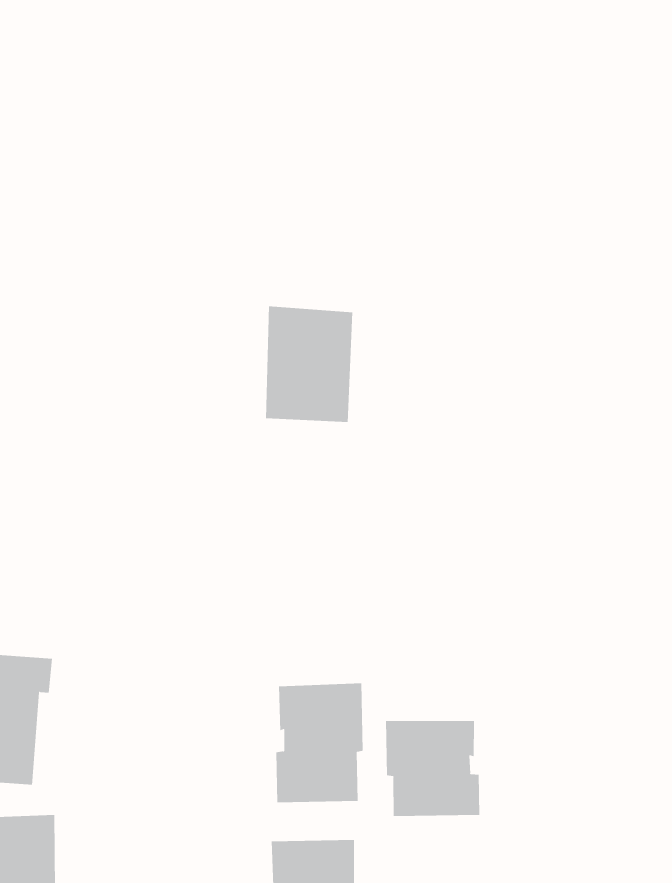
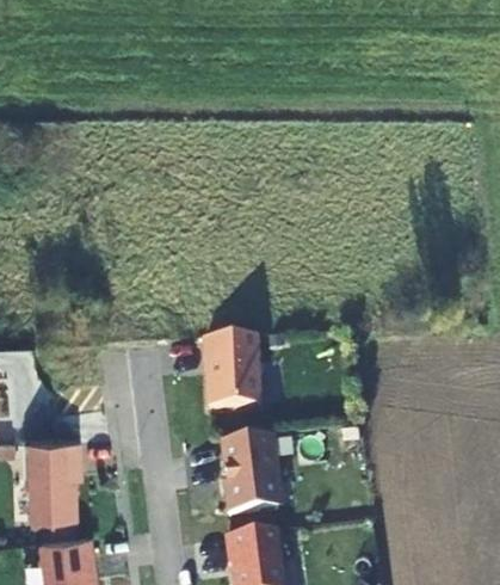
building: [265,306,353,423] -> [203,340,259,411]
building: [386,720,480,817] -> none

